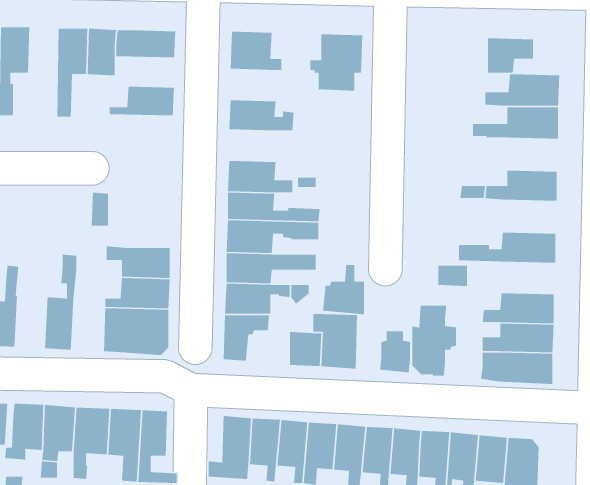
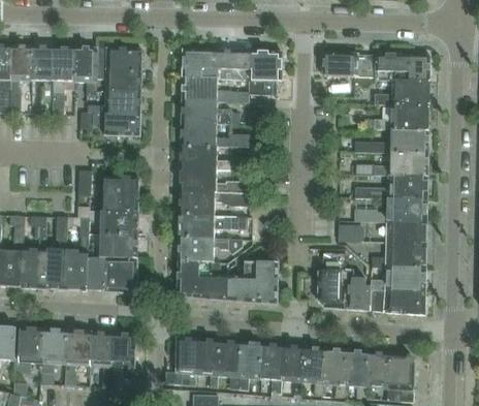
building: none -> [31,45,53,114]
building: none -> [213,50,250,79]
building: none -> [322,52,375,81]
building: none -> [394,55,429,82]
building: none -> [96,68,140,91]
building: none -> [182,77,248,101]
building: none -> [79,112,139,135]
building: none -> [181,123,248,147]
building: none -> [353,129,428,154]
building: none -> [103,176,138,211]
building: none -> [353,176,427,200]
building: none -> [63,206,89,290]
building: none -> [21,216,46,287]
building: none -> [385,222,426,246]
building: [322,264,365,315] -> [194,261,226,300]
building: [379,330,411,373] -> [347,278,371,310]

